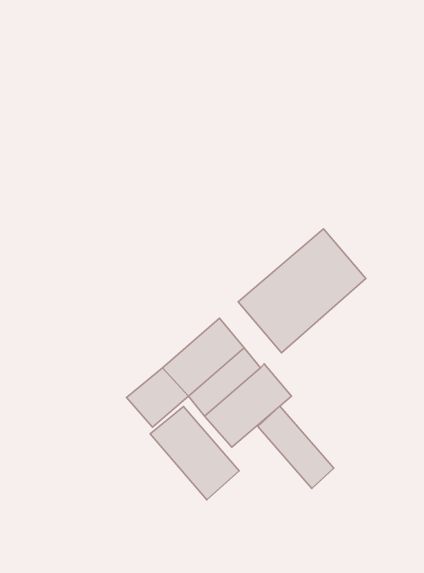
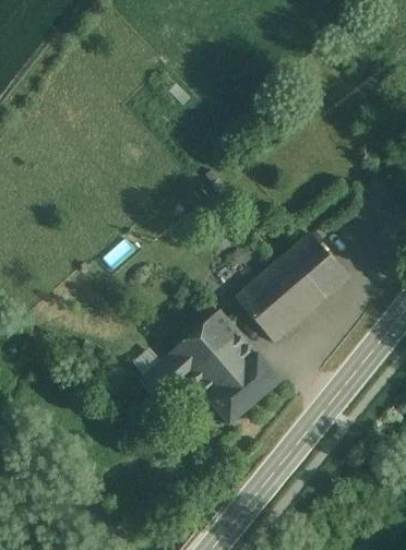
building: [258,406,334,489] -> none
building: [150,406,239,500] -> none

